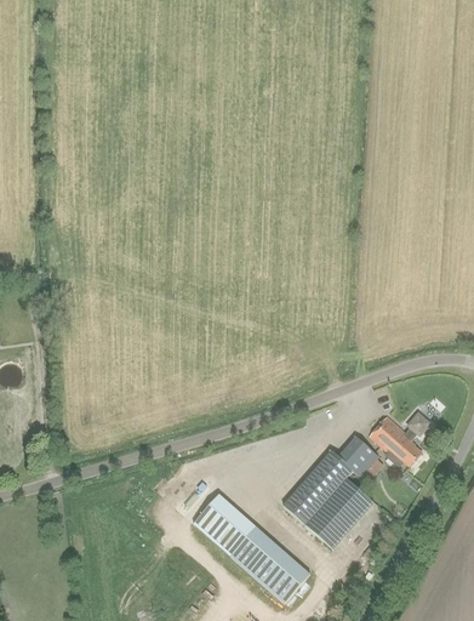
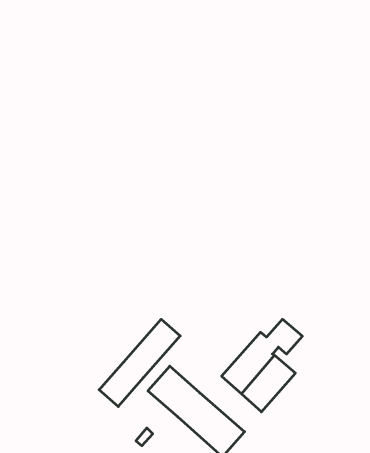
building: [369,414,428,466] -> none
building: none -> [99,319,180,407]

